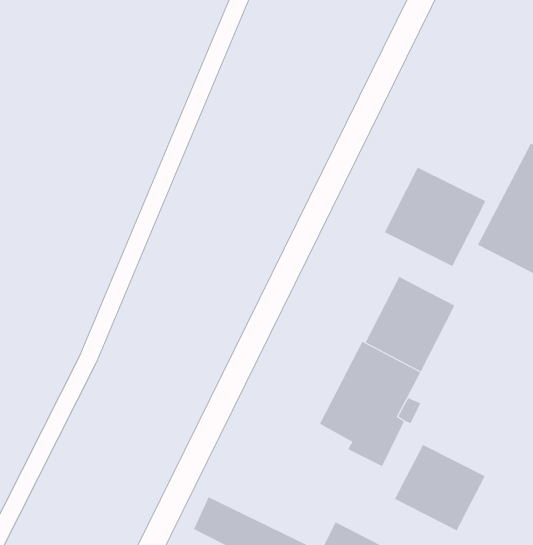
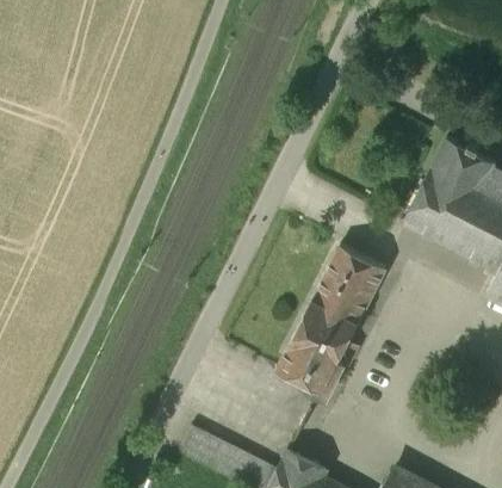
building: [384,167,486,267] -> none
building: [394,444,486,531] -> none

